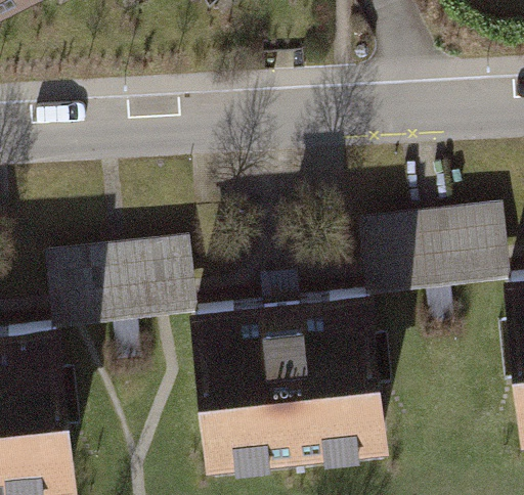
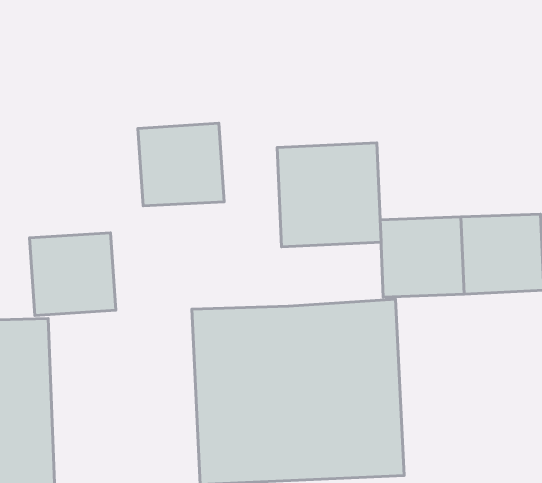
building: none -> [277,143,381,247]
building: [113,238,194,317] -> [138,123,224,206]

